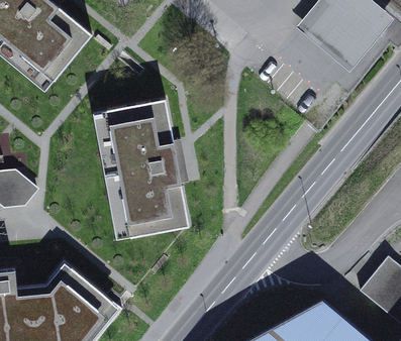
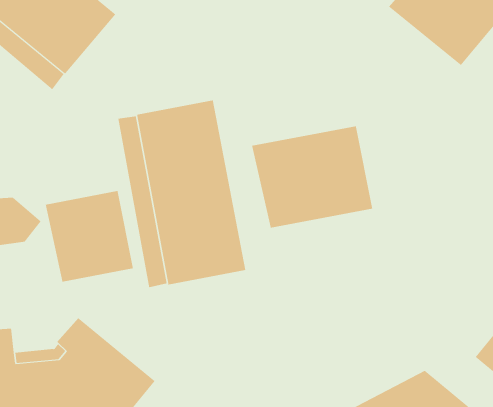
building: none -> [251,125,373,229]
building: none -> [45,190,134,282]

